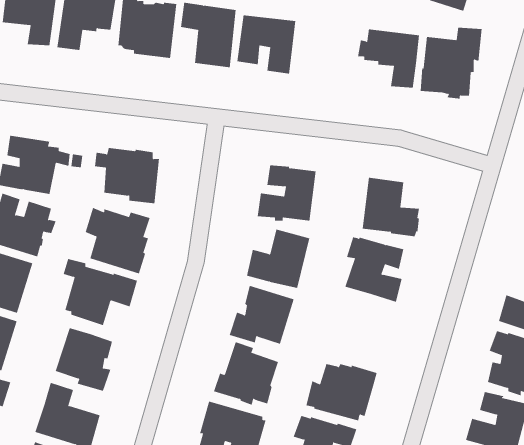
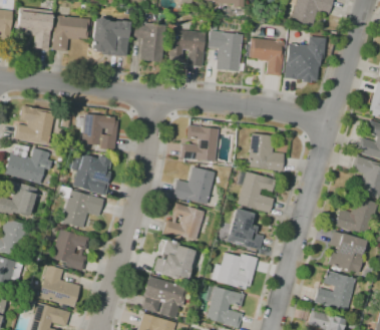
building: none -> [208,31,245,72]
building: none -> [227,209,264,251]

